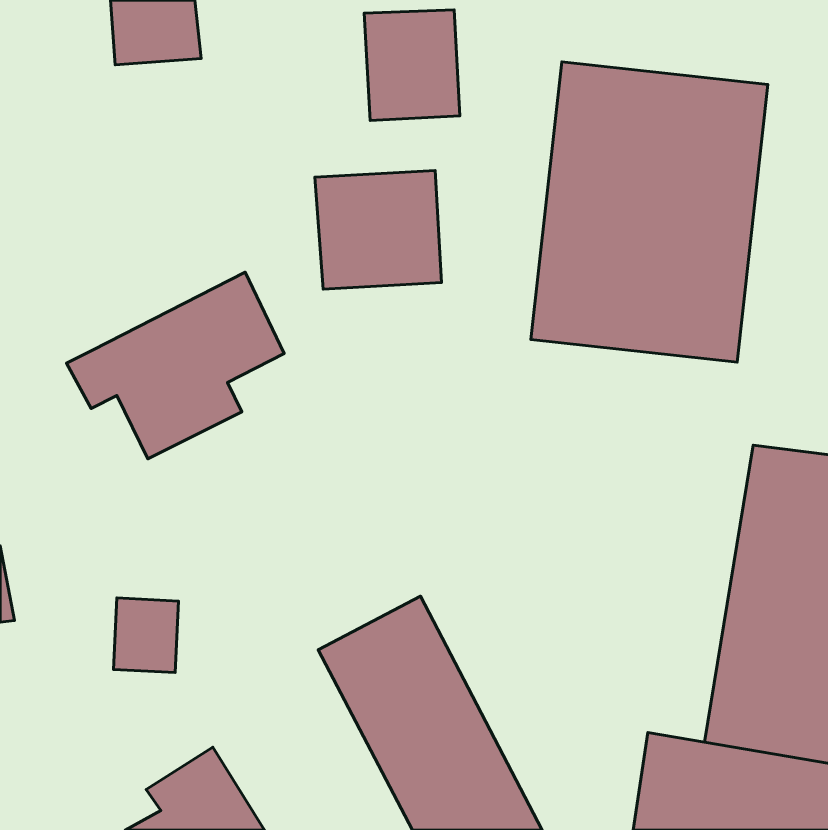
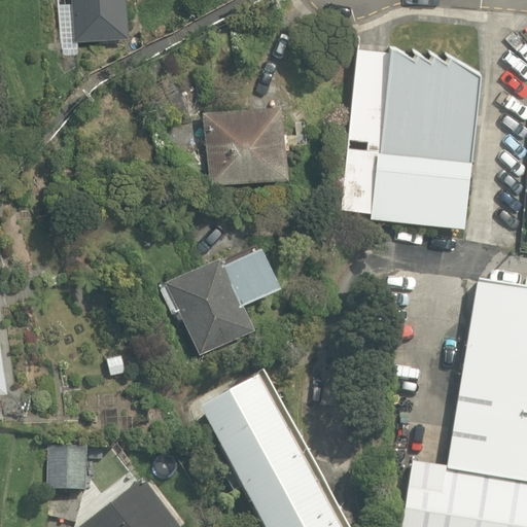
building: [364,10,460,121] -> none
building: [67,272,284,459] -> [146,234,284,352]
building: [113,598,178,673] -> [47,448,89,495]

